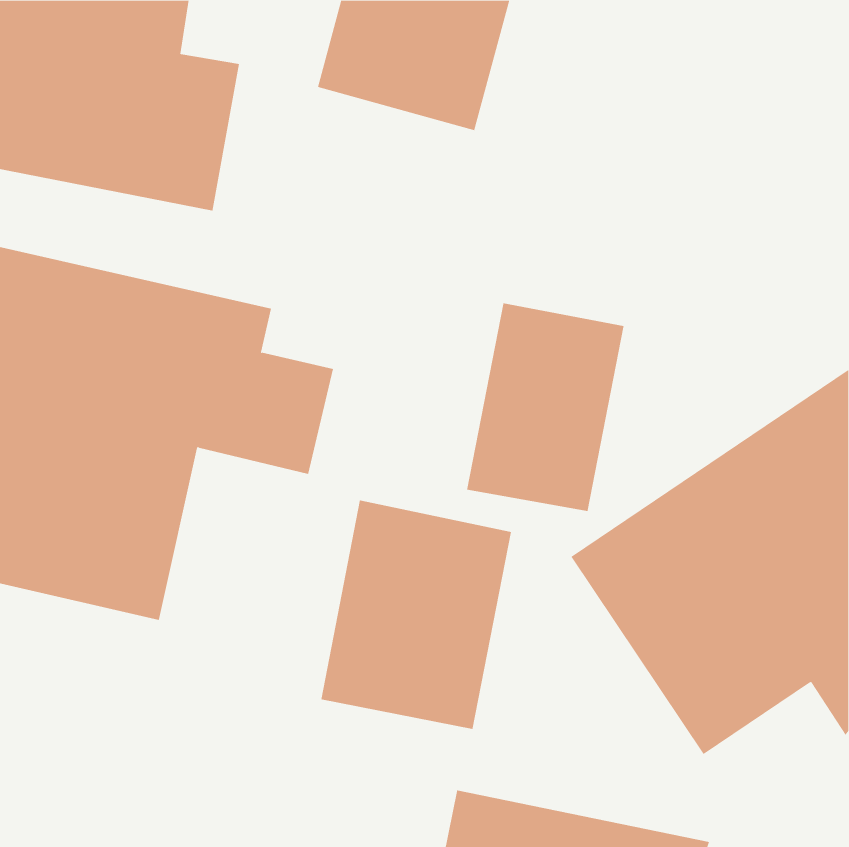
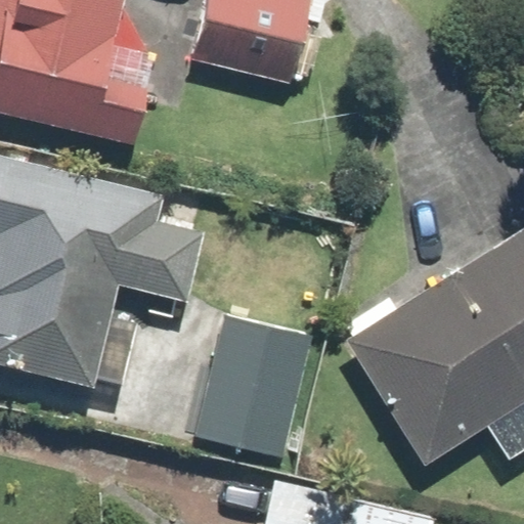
building: [466,302,624,512] -> none

